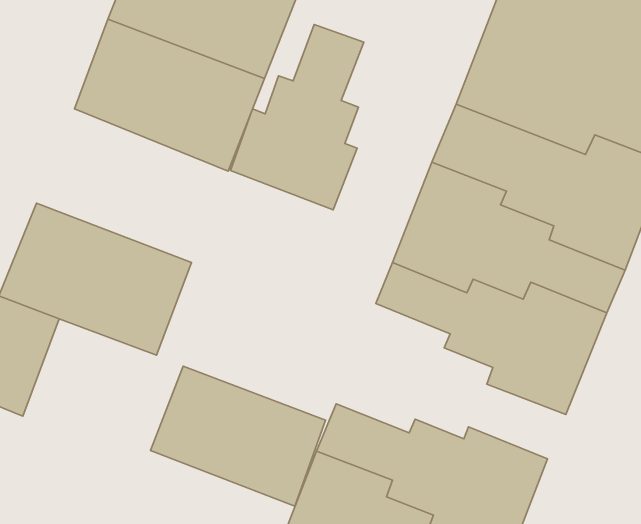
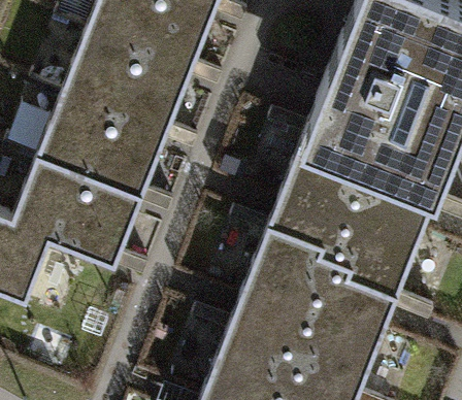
building: [231,24,364,210] -> none
building: none -> [36,93,166,197]
building: none -> [239,225,395,330]
building: [151,366,325,506] -> none

